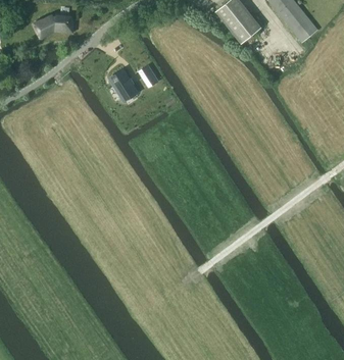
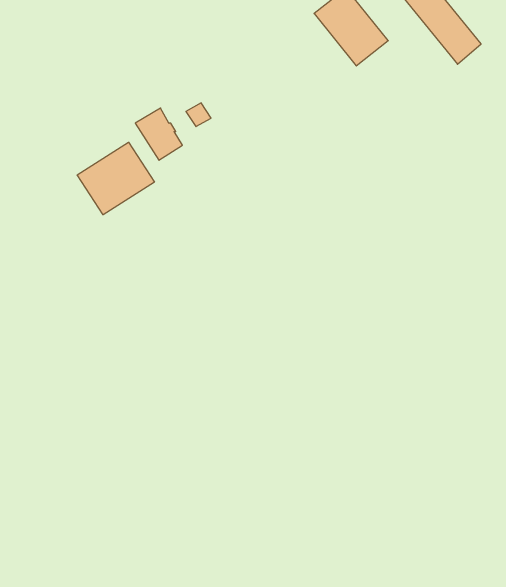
building: [34,14,73,37] -> none
building: none -> [77,142,154,215]

